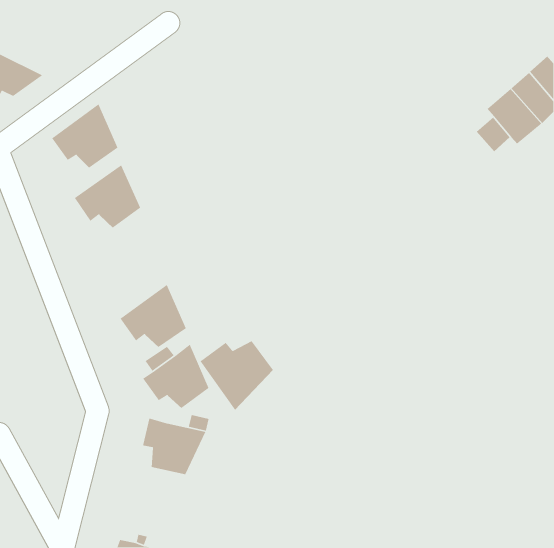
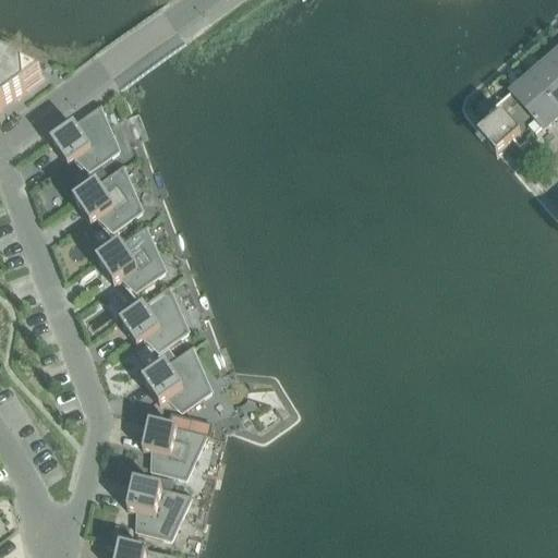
building: none -> [97,225,165,289]
building: [199,340,274,411] -> none
building: none -> [128,480,192,537]

